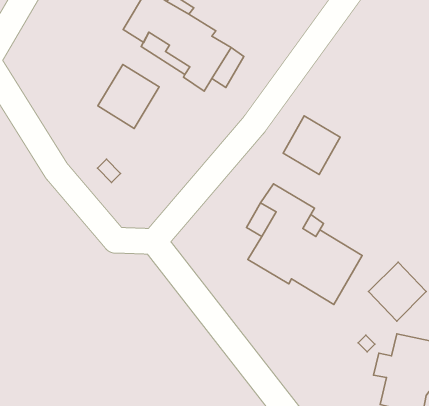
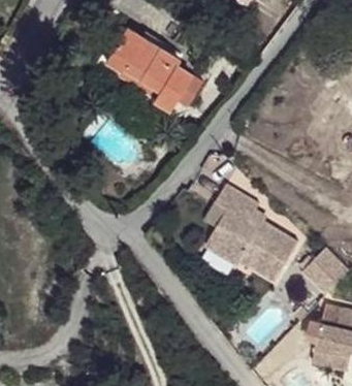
building: [98,64,159,128] -> none
building: [283,116,340,175] -> none

